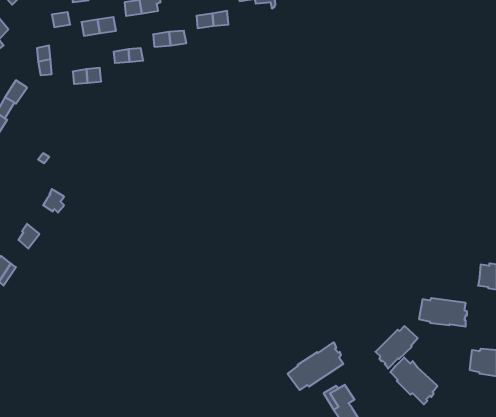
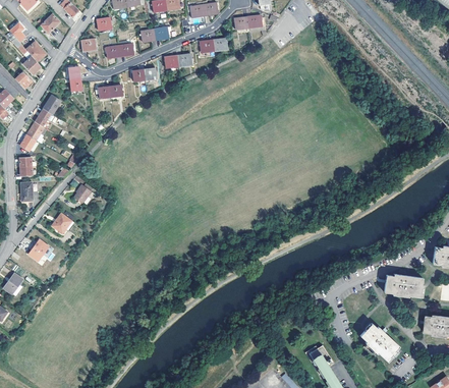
building: [375,326,418,369] -> none
building: [288,342,343,390] -> none

